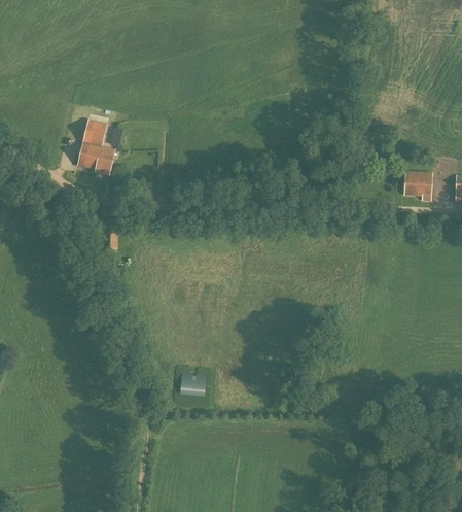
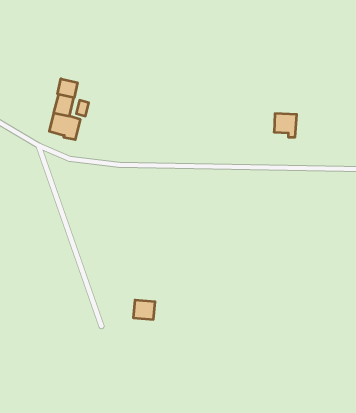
building: none -> [58,79,77,98]
building: [404,171,432,200] -> [274,114,297,137]

